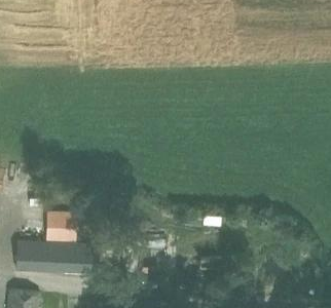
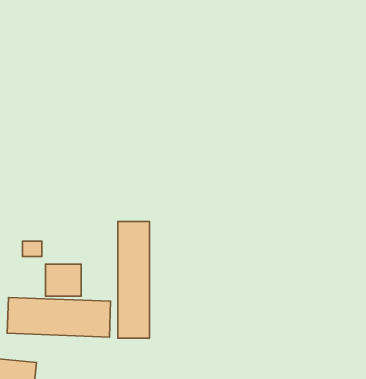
building: none -> [118,221,149,338]

